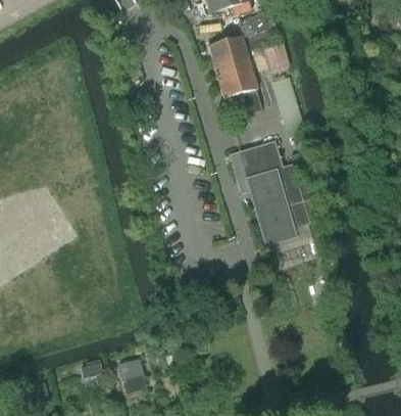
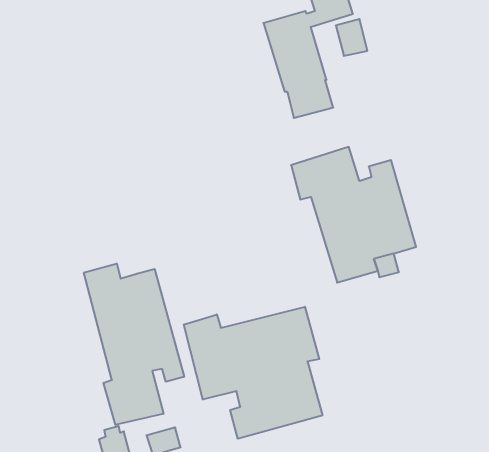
building: none -> [84,264,184,425]
building: none -> [184,307,322,439]

